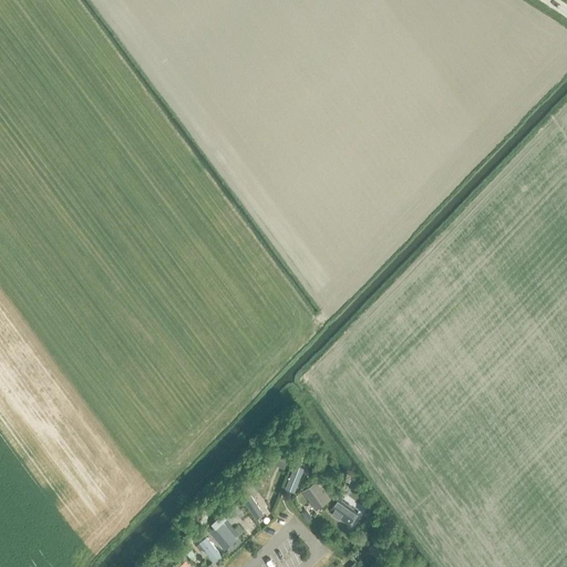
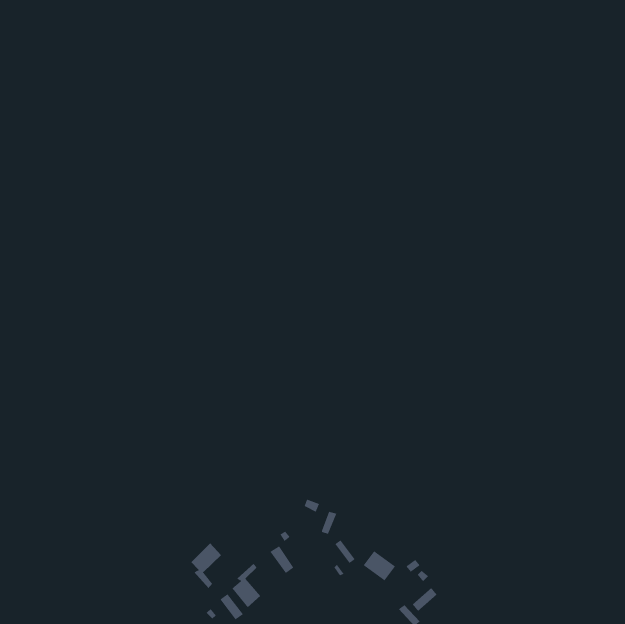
building: none -> [190,542,222,589]

